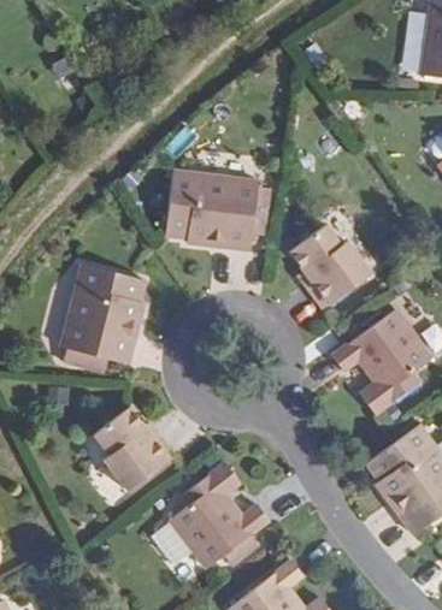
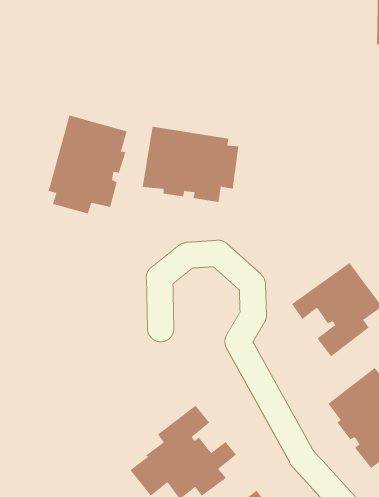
building: [289,226,369,309] -> none
building: [59,262,146,371] -> [48,115,127,214]
building: [95,411,175,493] -> none

